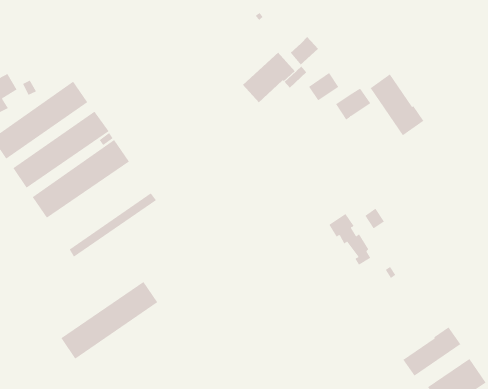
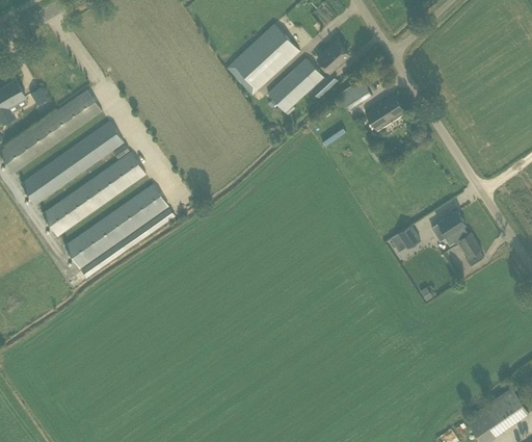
building: none -> [225,23,298,96]
building: [370,73,424,136] -> none
building: [328,213,371,266] -> [437,210,483,266]
building: [60,281,158,360] -> [62,183,167,267]
building: [402,326,461,376] -> none

